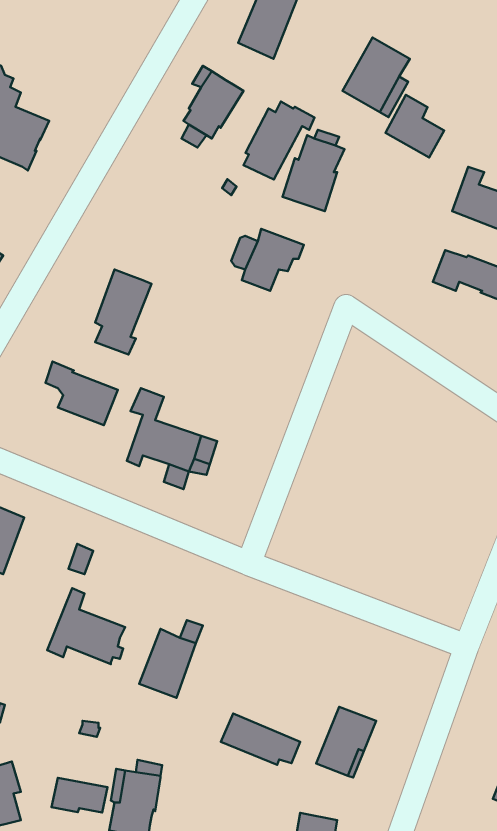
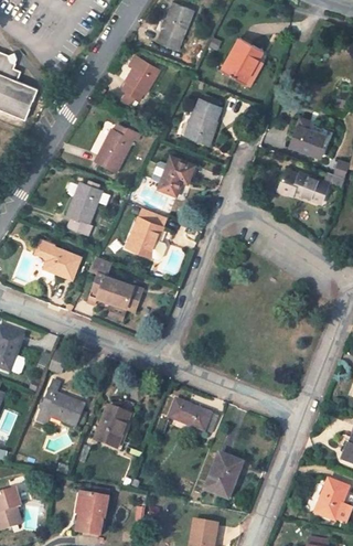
building: [385,95,444,157] -> none
building: [244,102,314,179] -> [96,124,140,172]
building: none -> [126,207,167,258]
building: [221,714,300,765] -> [168,399,217,431]
building: [52,778,107,812] -> none

